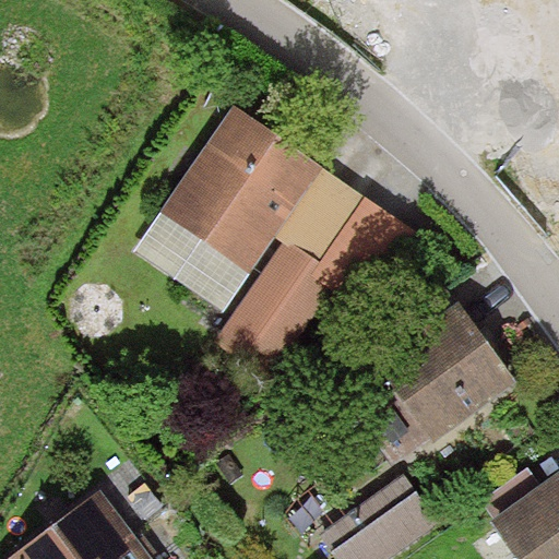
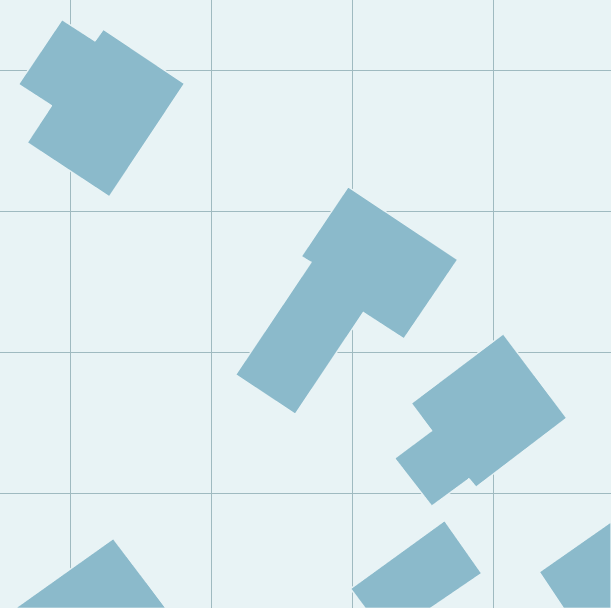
building: none -> [18,20,184,197]
building: [136,112,318,311] -> none

